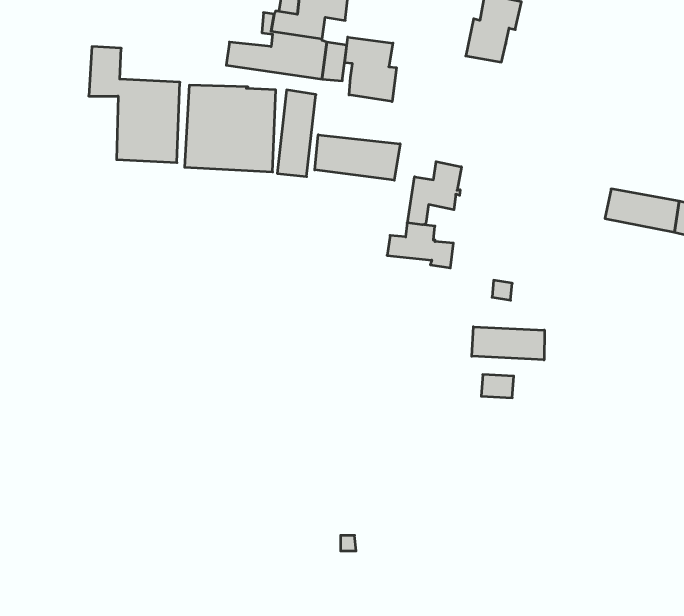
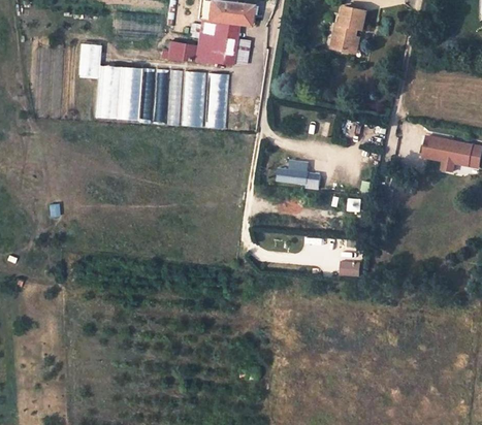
building: [345,37,396,102] -> none
building: [315,135,400,180] -> none
building: [407,162,461,225] -> none
building: [472,327,544,360] -> none

